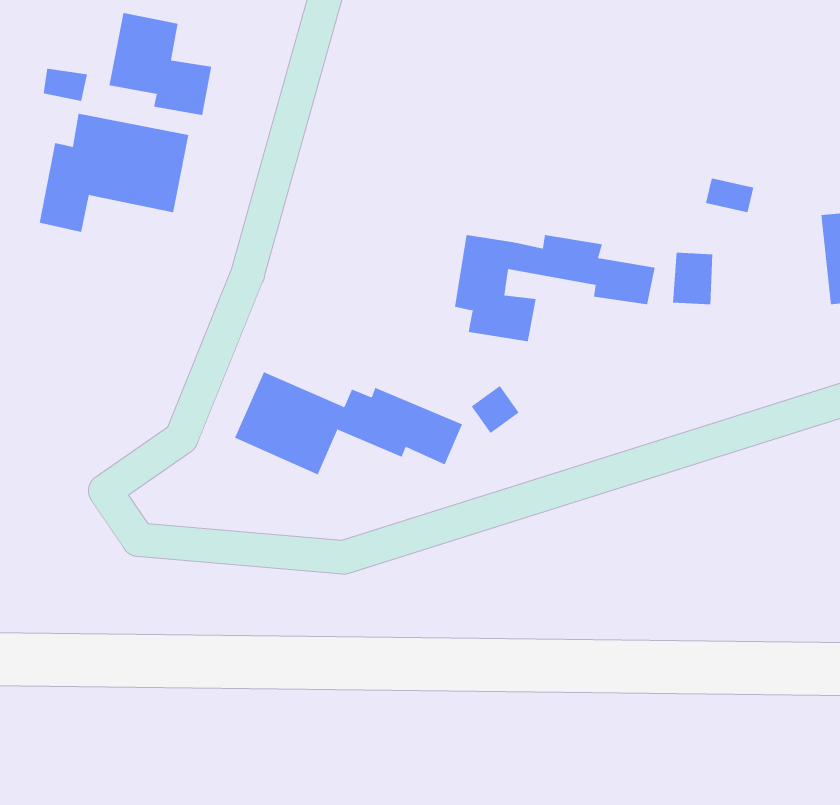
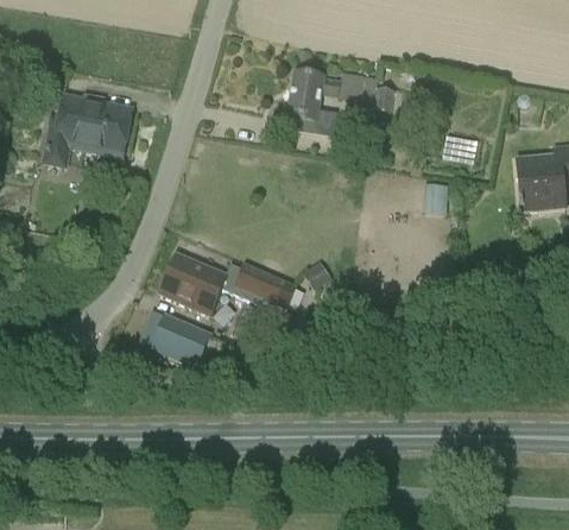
building: [109,12,212,116] -> none
building: [454,234,656,342] -> [287,72,410,138]
building: none -> [152,315,210,365]

